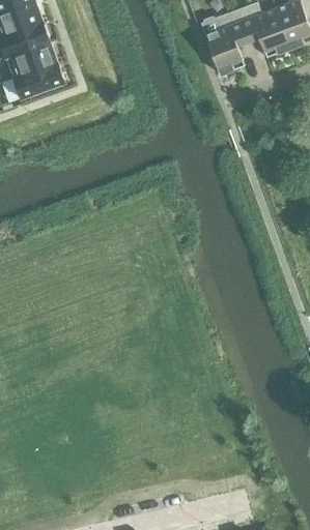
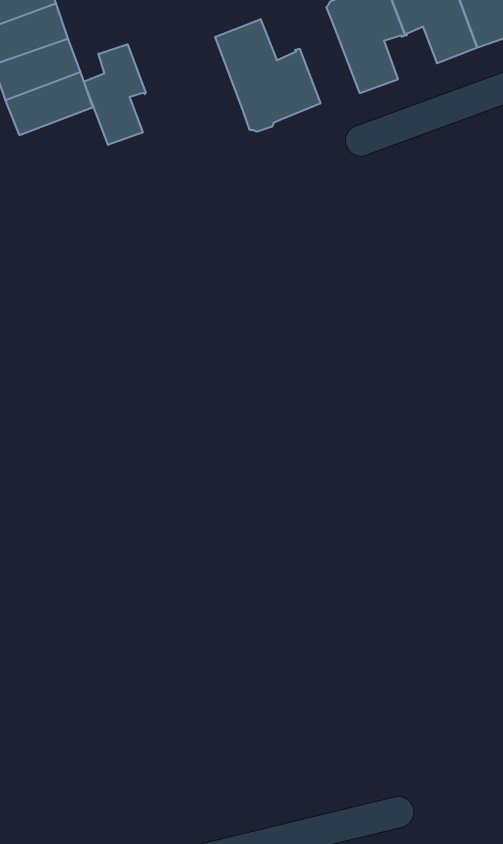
building: none -> [215,19,320,132]
building: none -> [84,44,146,145]

